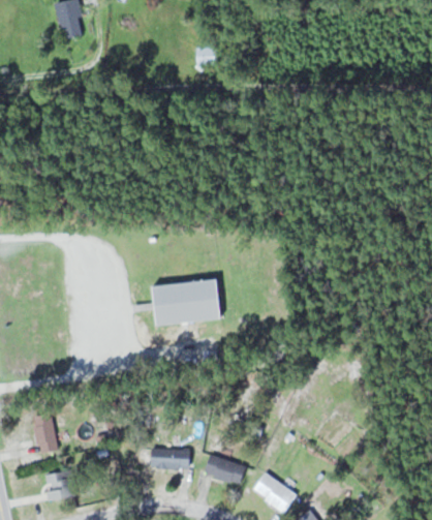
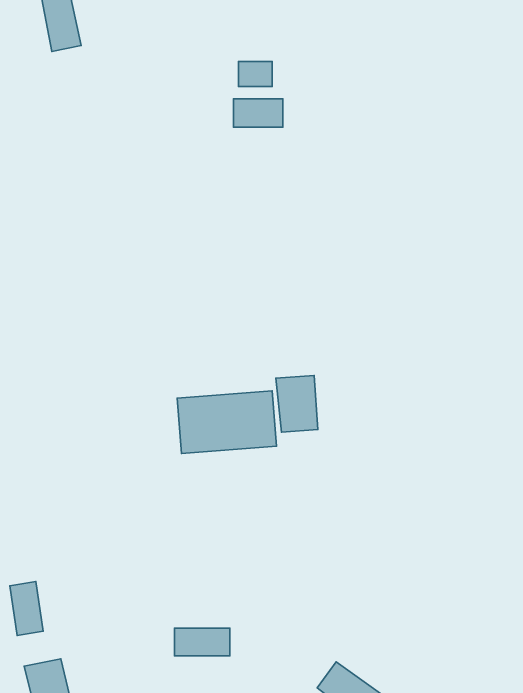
building: none -> [234,99,283,127]
building: none -> [276,375,318,432]
building: [203,454,246,486] -> none

